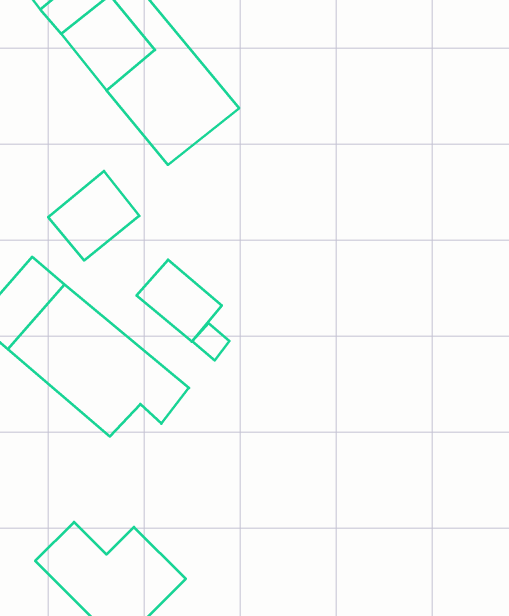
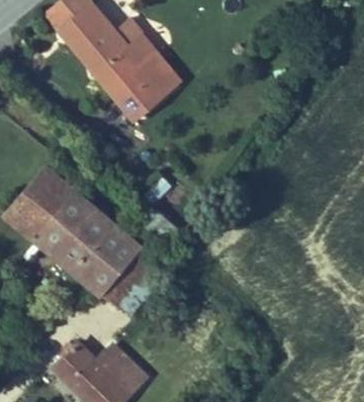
building: [48,171,139,260] -> none
building: [137,260,222,342] -> none

